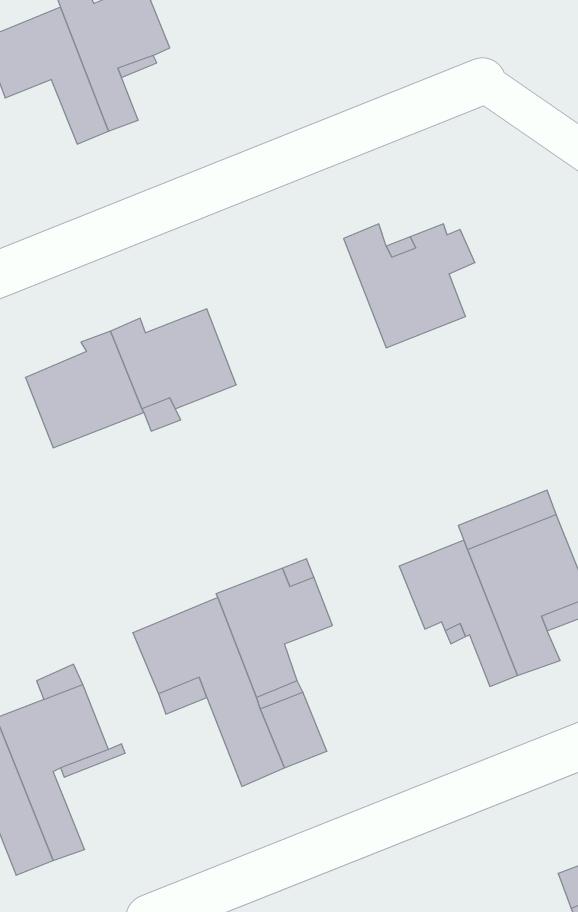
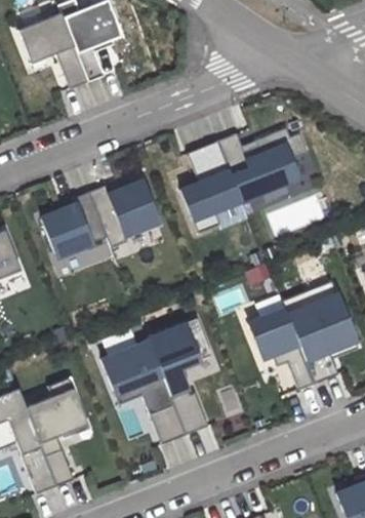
building: none -> [182,141,242,232]

